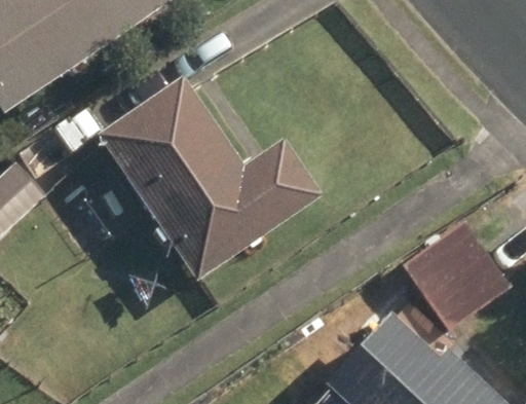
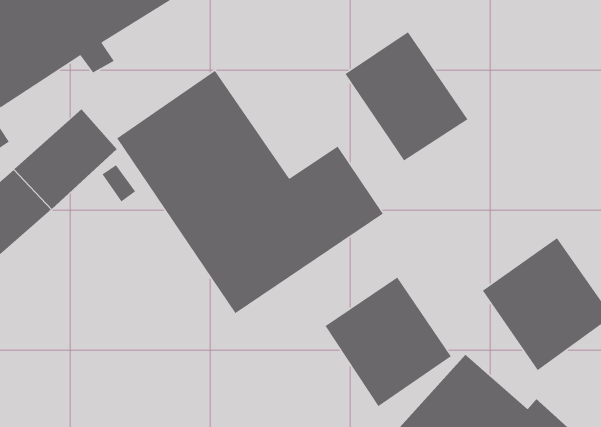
building: none -> [345,31,469,162]
building: none -> [325,276,452,407]

